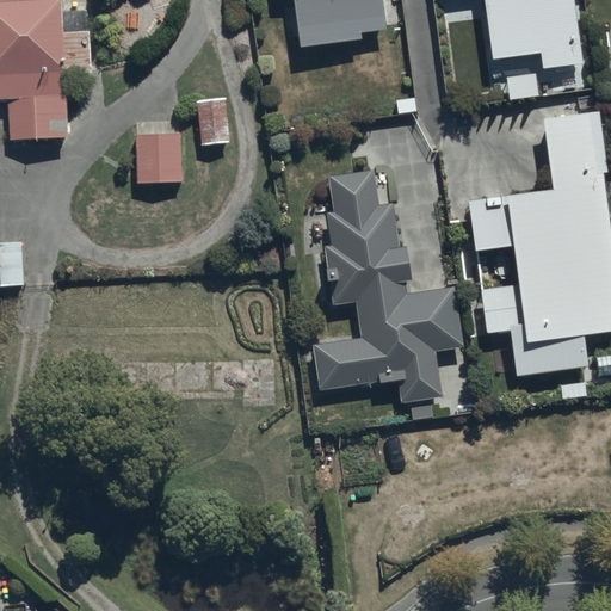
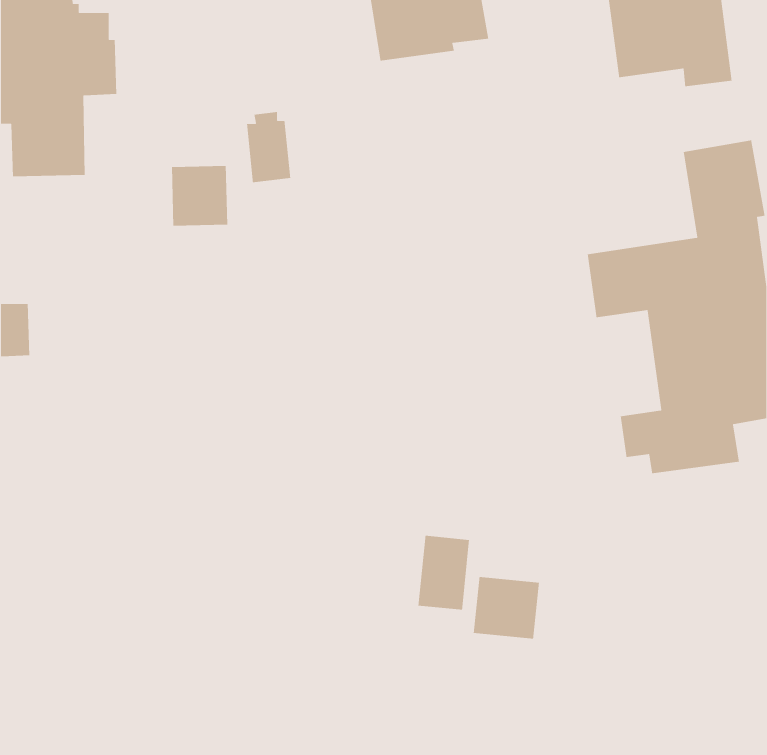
building: [313,168,463,400] -> none
building: none -> [418,535,470,610]
building: none -> [473,576,540,640]

